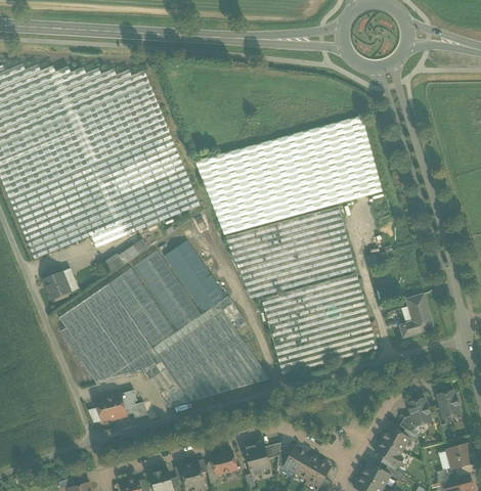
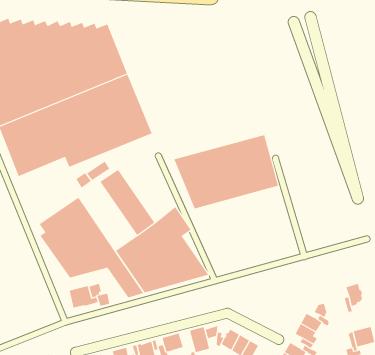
building: [194,116,382,234] -> none
building: [160,232,227,314] -> none
building: [108,267,177,350] -> none
building: [44,272,71,300] -> none
building: [261,273,378,375] -> none
building: [399,294,434,338] -> none
building: [408,398,429,426] -> none

